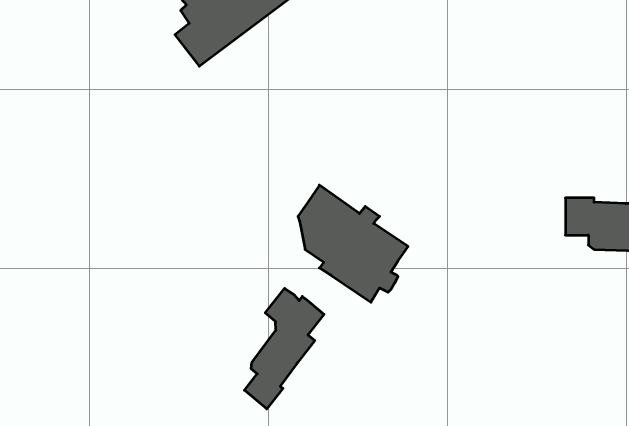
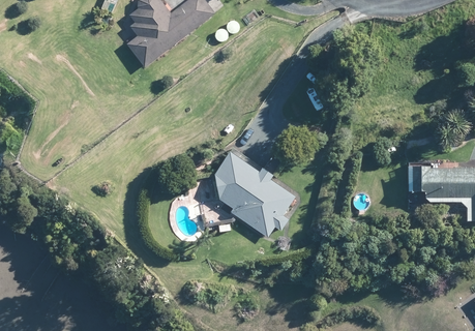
building: [244,288,324,409] -> none

